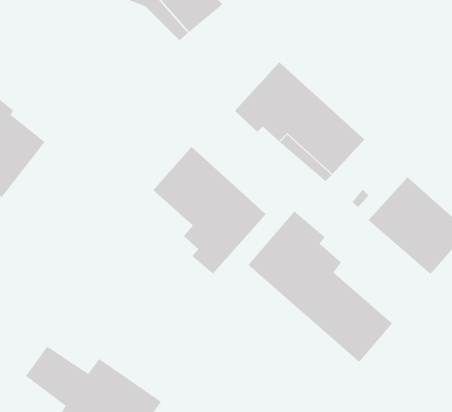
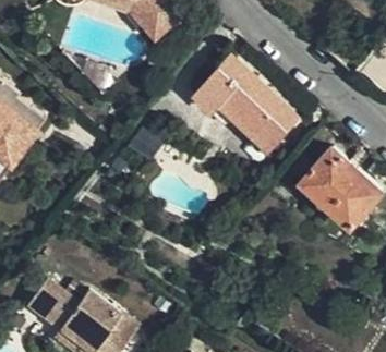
building: [153,146,267,274] -> none
building: [248,211,393,363] -> none

